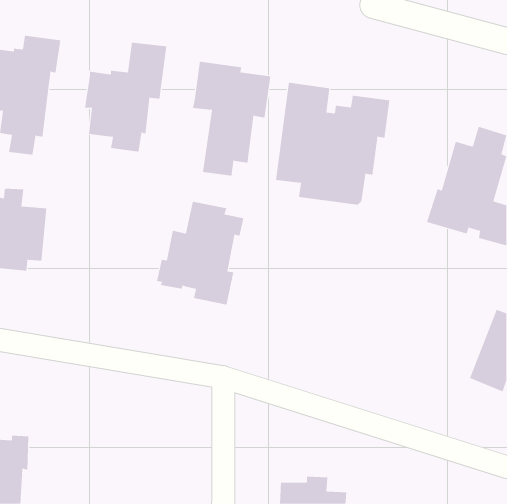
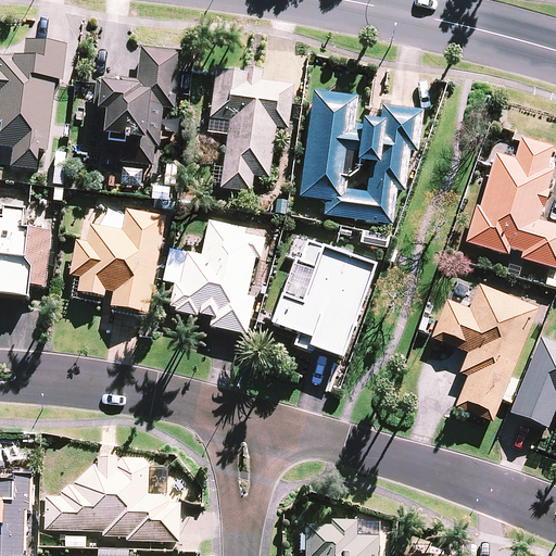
building: none -> [70,207,165,309]
building: none -> [273,239,376,355]
building: none -> [430,282,538,419]
building: none -> [43,457,179,542]

